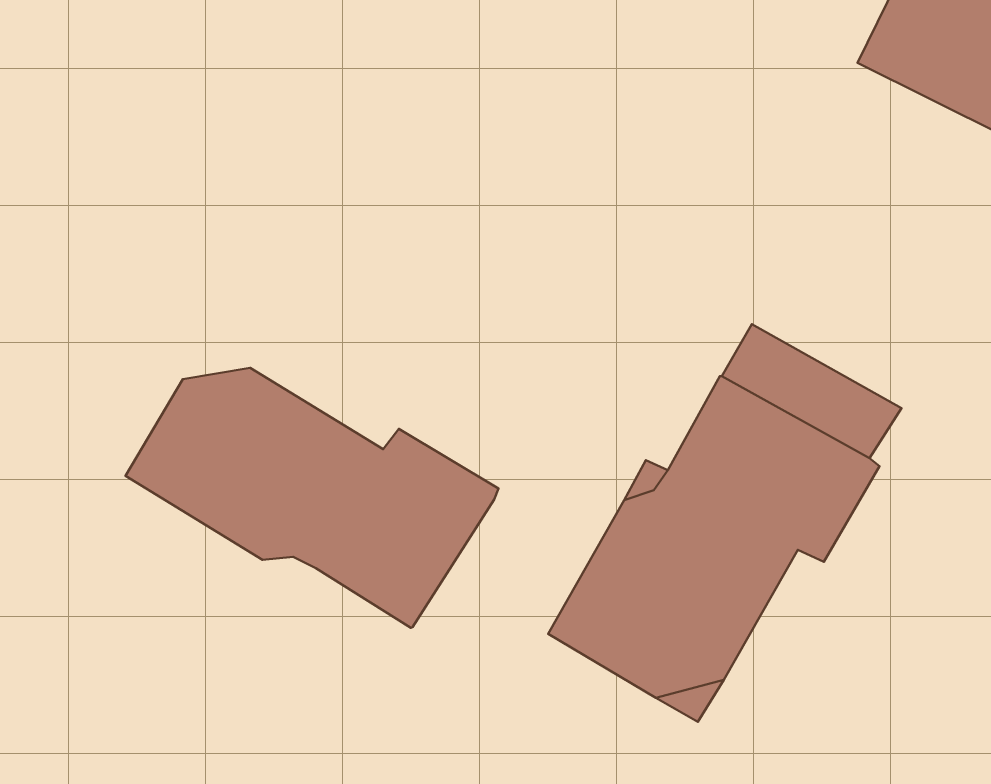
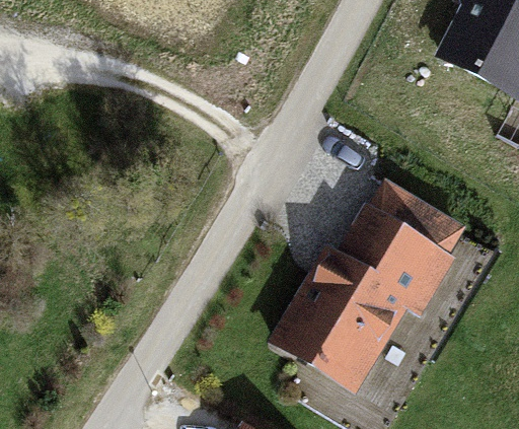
building: [125,368,498,628] -> none

